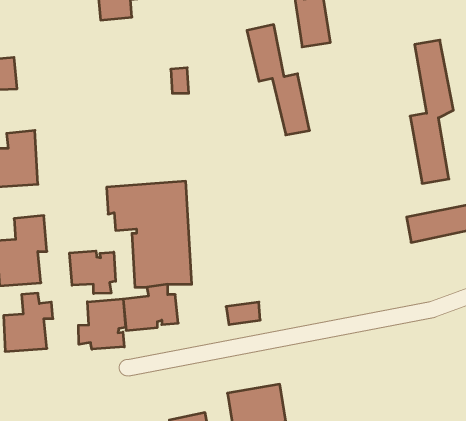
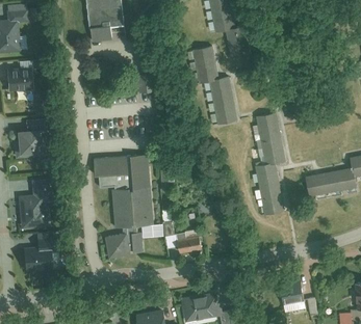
building: [410,40,453,183] -> [256,114,286,214]
building: [70,251,116,294] -> none
building: [78,299,125,349] -> none
building: none -> [278,280,306,304]

